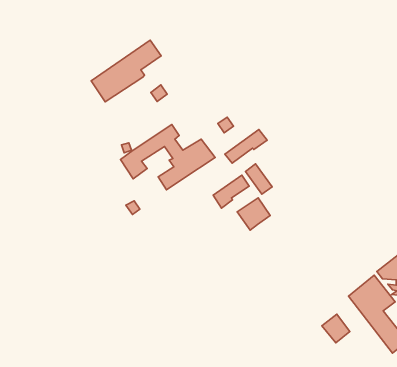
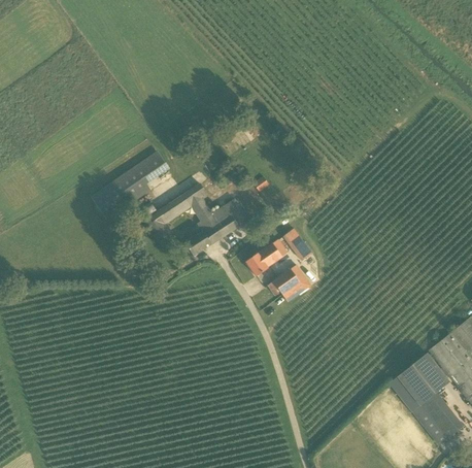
building: [91,40,161,102] -> [92,152,170,221]
building: [225,130,267,163] -> none
building: [322,314,350,343] -> none

